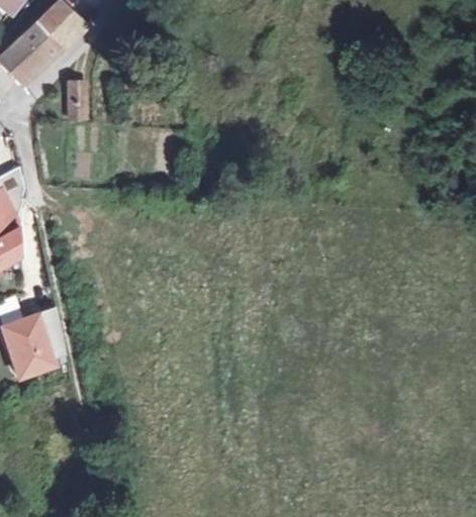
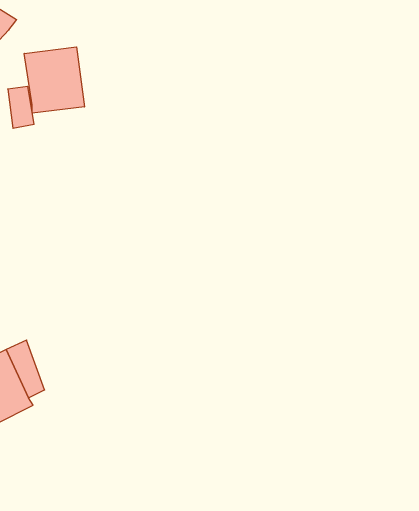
building: none -> [24,47,84,113]

